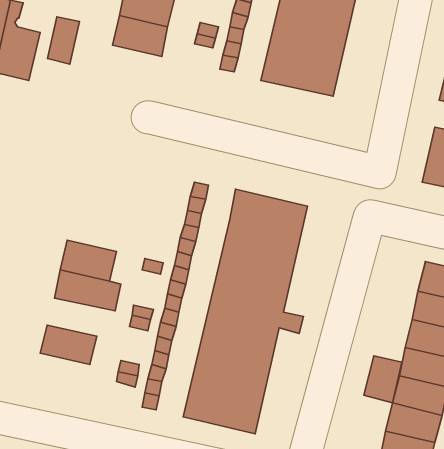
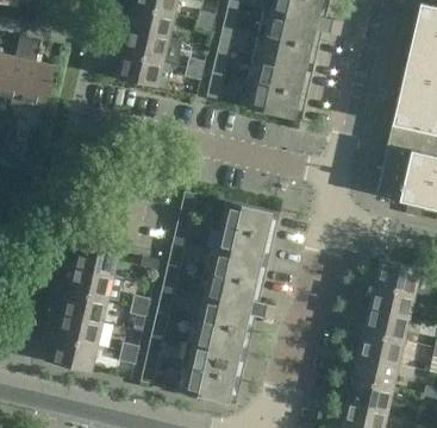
building: [48,17,80,64] -> none
building: none -> [62,290,108,322]
building: none -> [51,336,98,371]
building: [364,356,402,403] -> none

